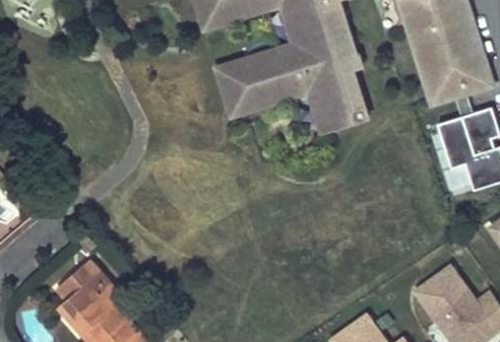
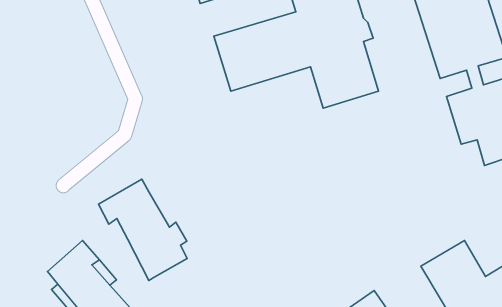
building: none -> [99,179,187,281]

